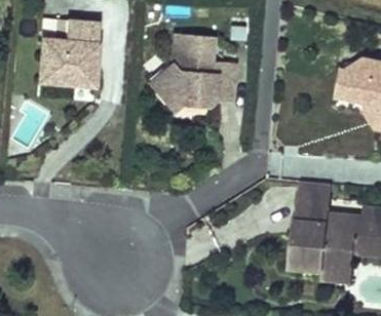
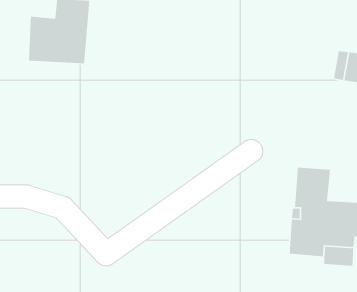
building: [149,28,234,106] -> none

